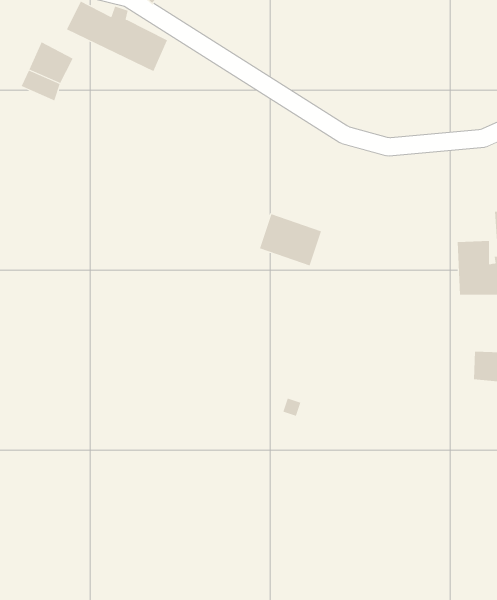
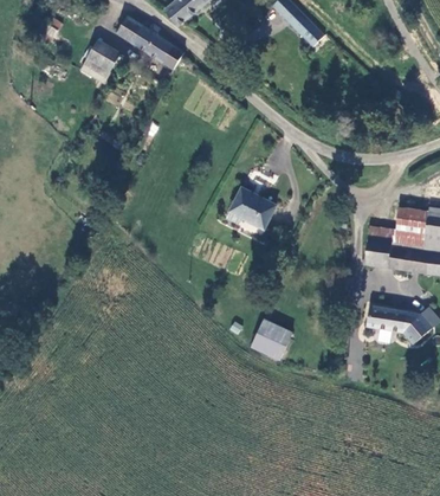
building: none -> [252,318,292,359]

